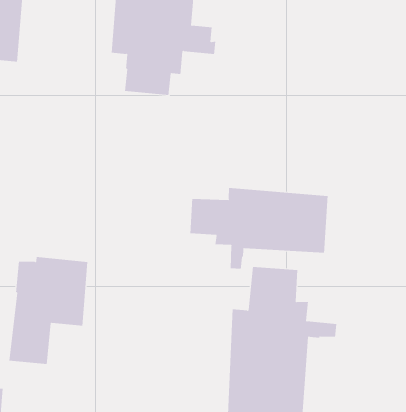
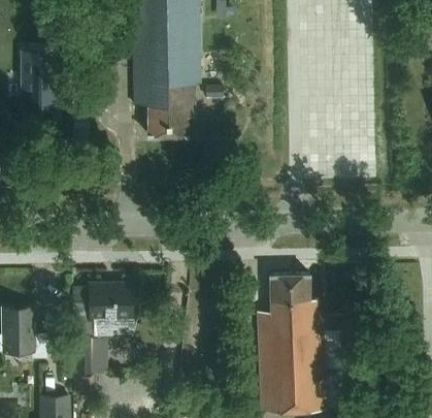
building: [190,187,328,269] -> none

